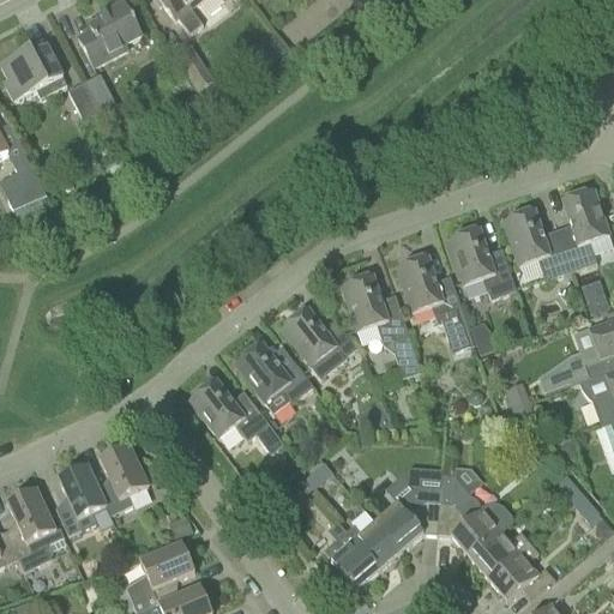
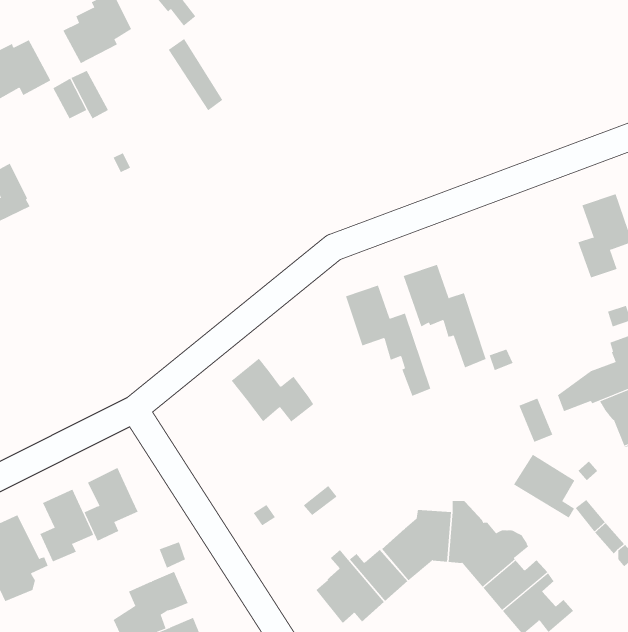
building: [501,207,570,276] -> none
building: [447,225,516,295] -> none
building: [281,306,355,374] -> none
building: [188,377,283,451] -> none
building: none -> [513,454,575,518]

